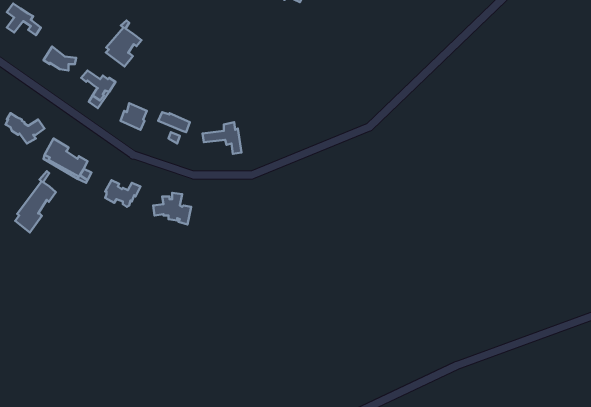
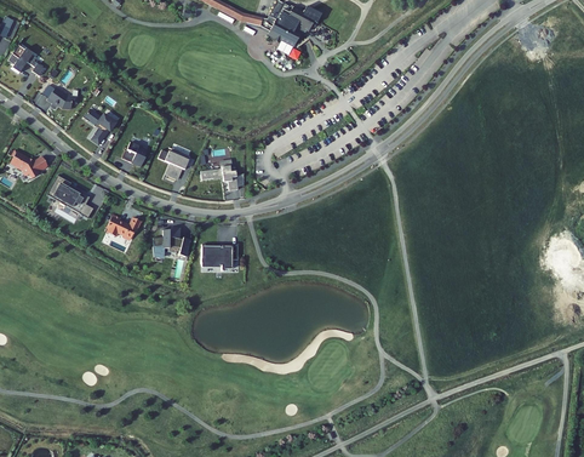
building: [106,21,141,67] -> none
building: [15,171,56,233] -> none
building: none -> [201,244,237,265]

